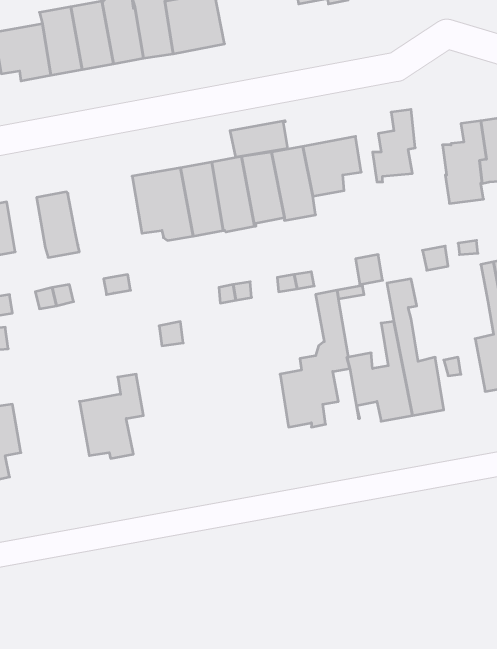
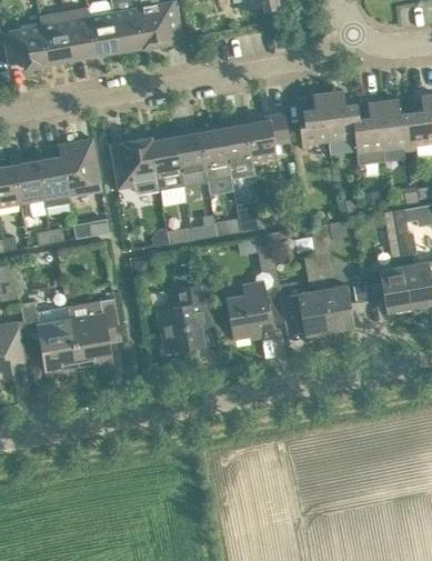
building: none -> [326,90,360,143]
building: [230,121,288,157] -> none
building: none -> [58,139,102,198]
building: none -> [13,161,43,219]
building: none -> [159,272,214,352]
building: none -> [21,302,78,373]

